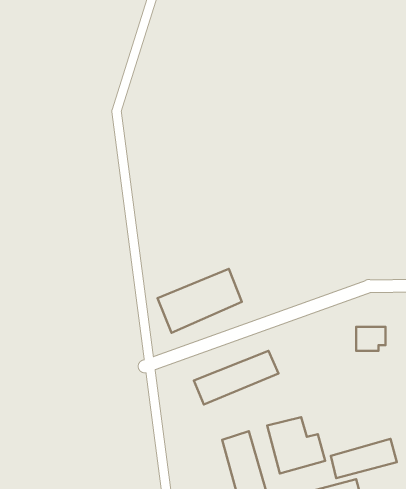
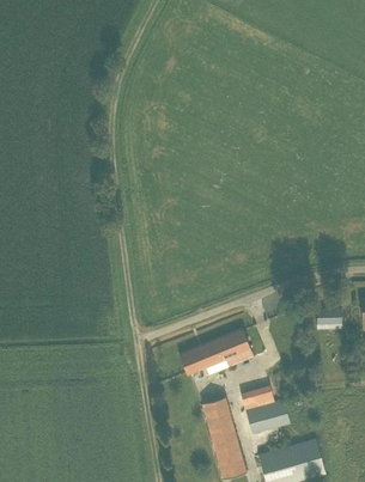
building: [157,269,242,333] -> none
building: [331,439,397,478] -> none

